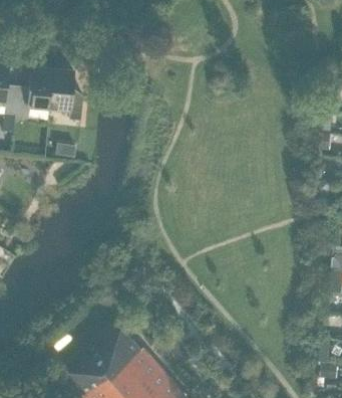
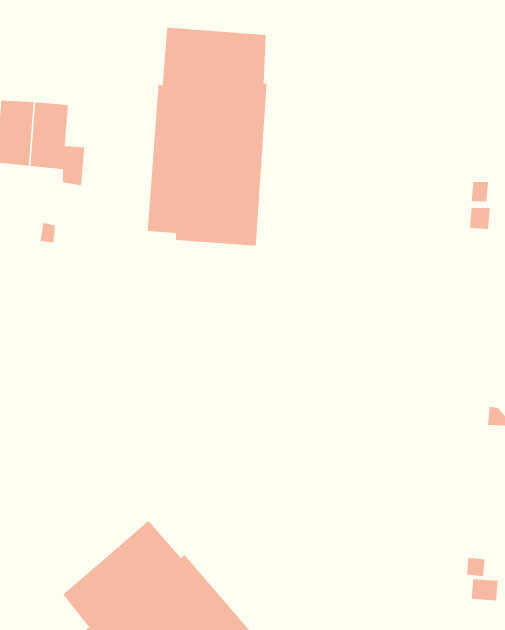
building: none -> [147,27,268,246]

